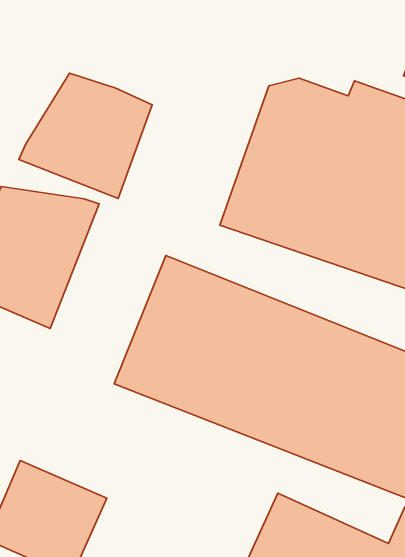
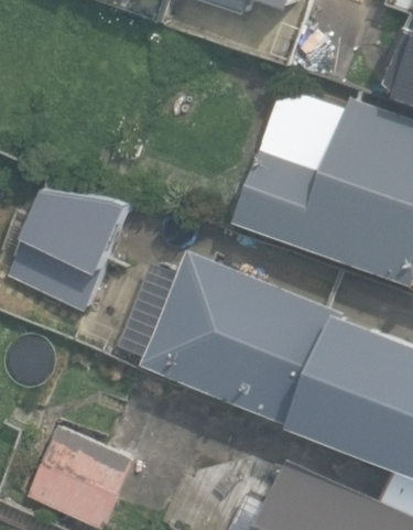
building: [19,73,152,198] -> none

